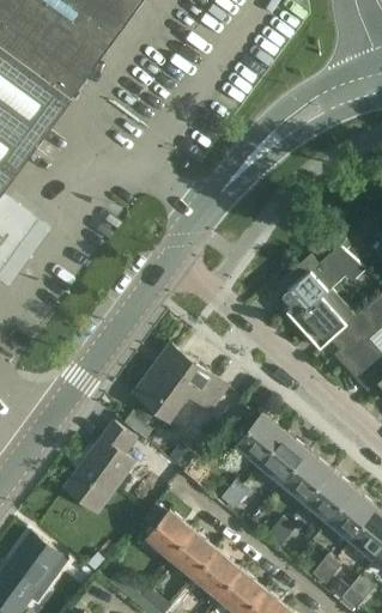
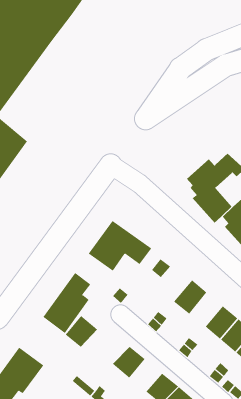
building: [236,413,286,465] -> none
building: [283,451,332,502] -> none
building: [145,509,194,557] -> [65,315,98,347]
building: [194,550,242,597] -> none

